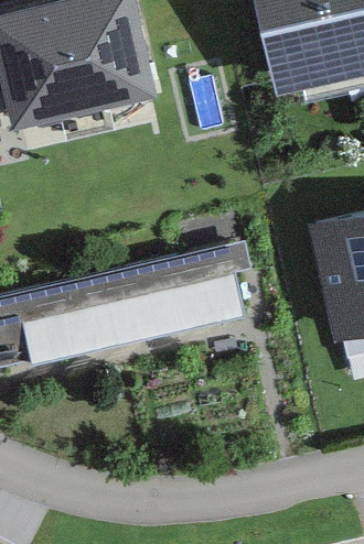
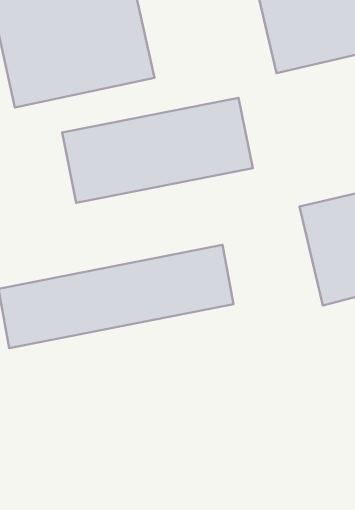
building: none -> [62,98,253,203]

